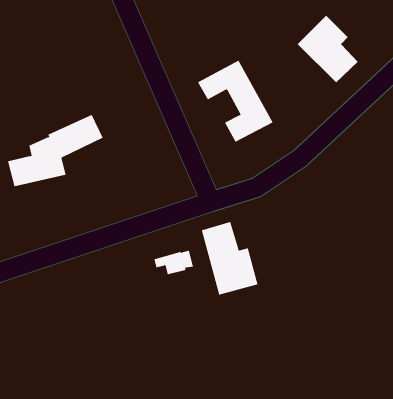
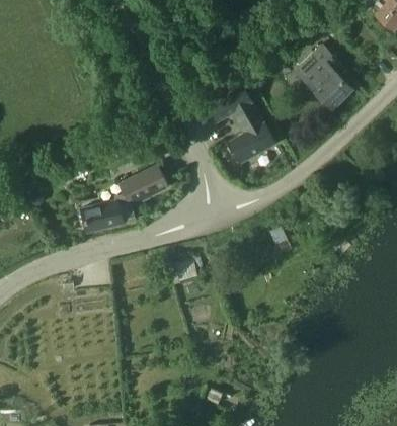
building: [7,114,103,187] -> [81,166,168,232]
building: [201,221,258,295] -> none

